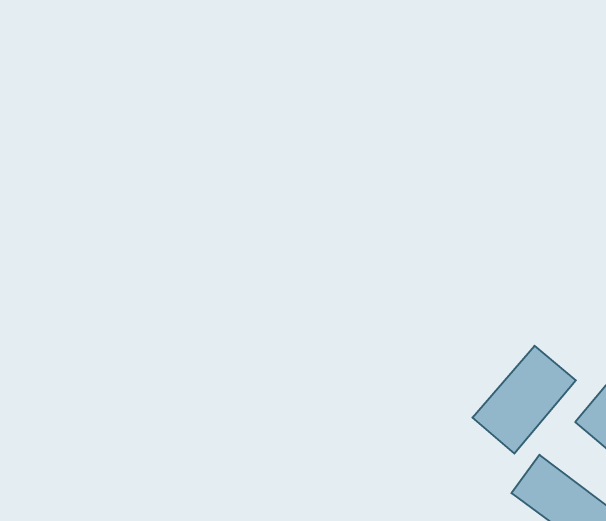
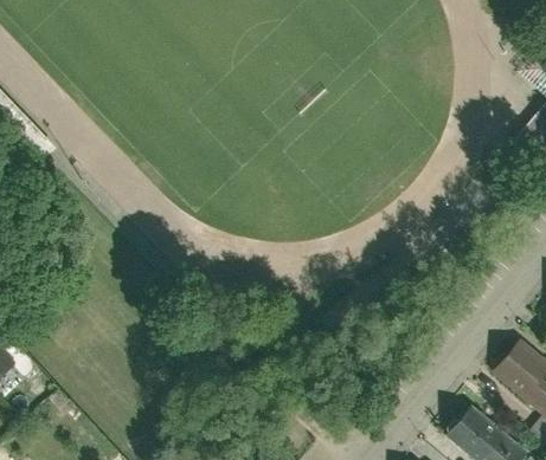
building: [472,346,576,454] -> none

